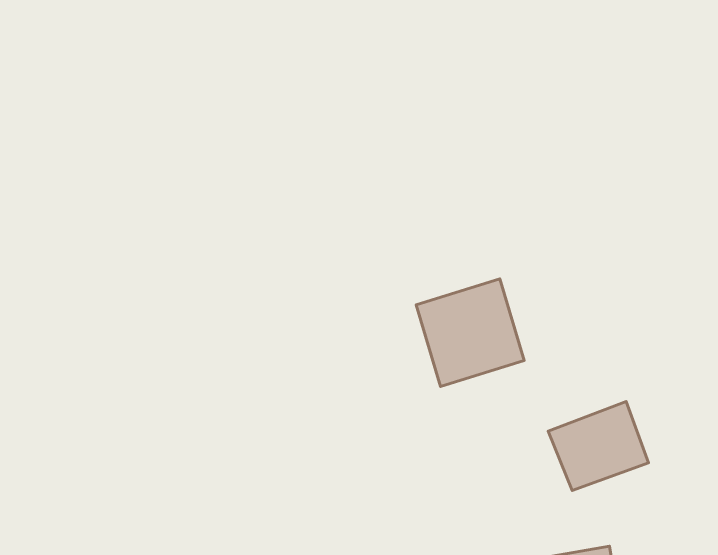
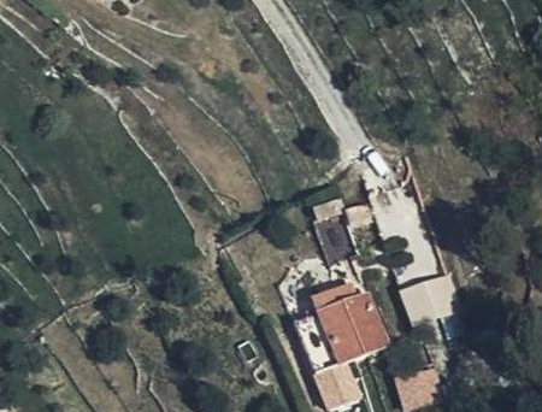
building: none -> [314,284,388,363]

